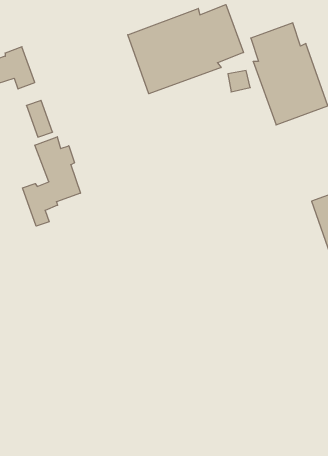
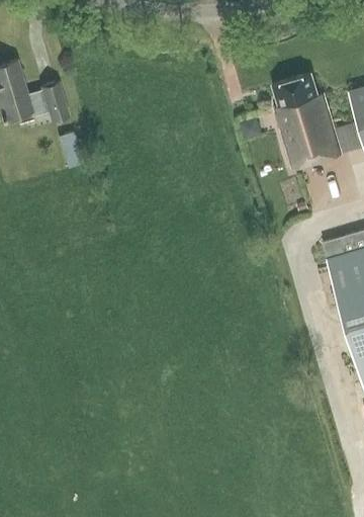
building: [128,5,243,94] -> none
building: [22,137,80,226] -> none

